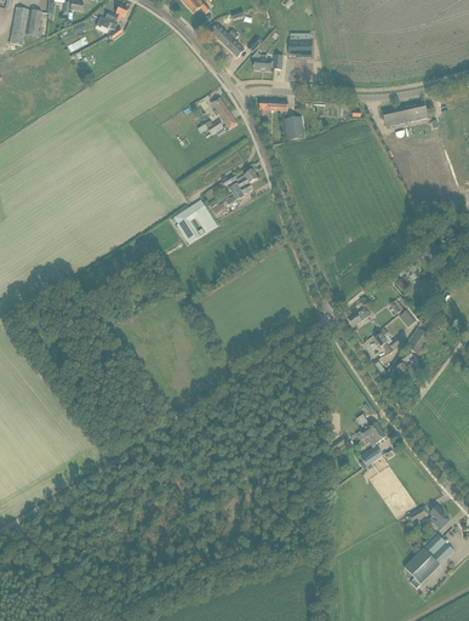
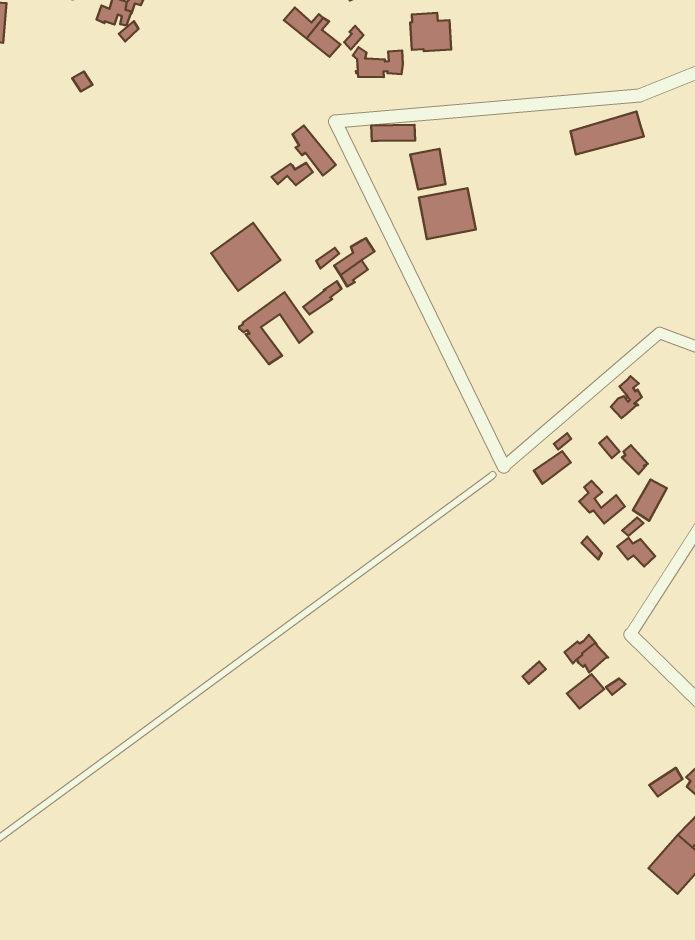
building: none -> [419,188,476,239]
building: none -> [211,223,280,291]

